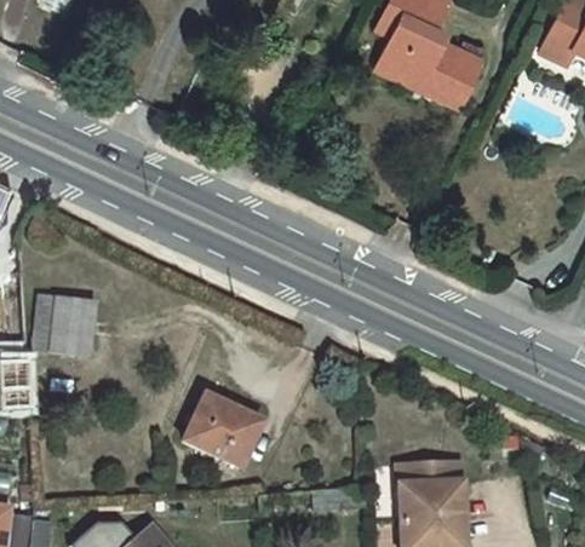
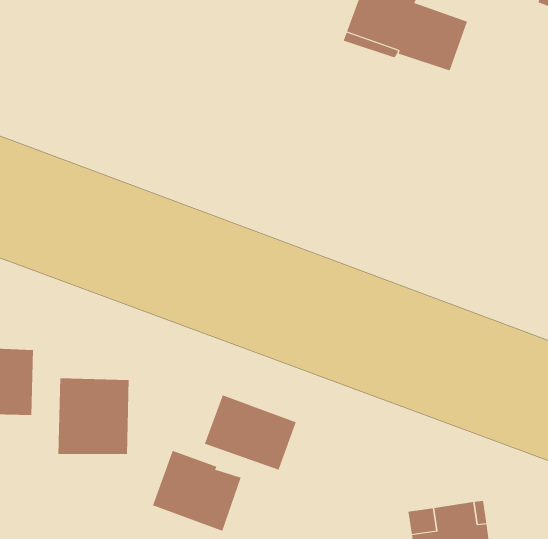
building: none -> [58,378,129,455]
building: none -> [204,394,296,470]

